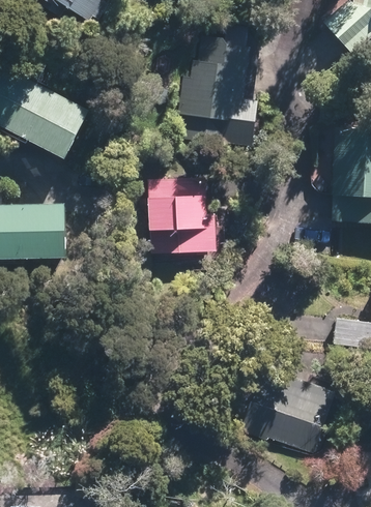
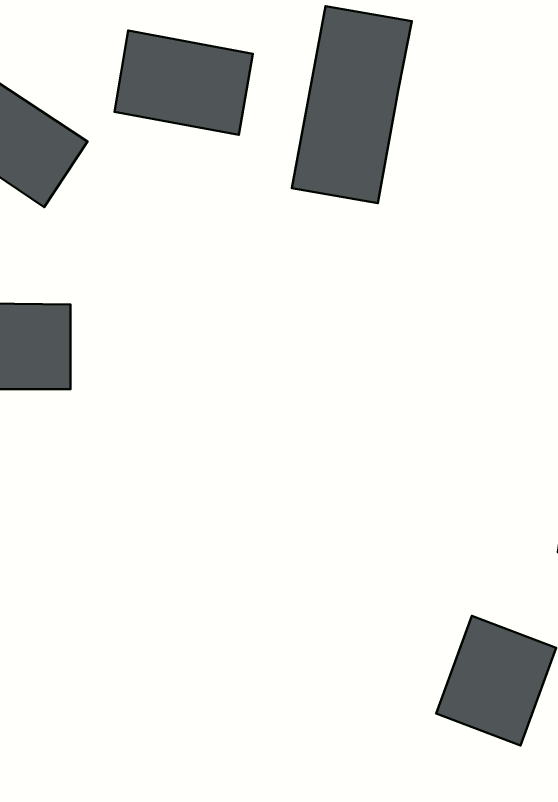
building: none -> [114,31,253,135]
building: [155,180,215,244] -> none

